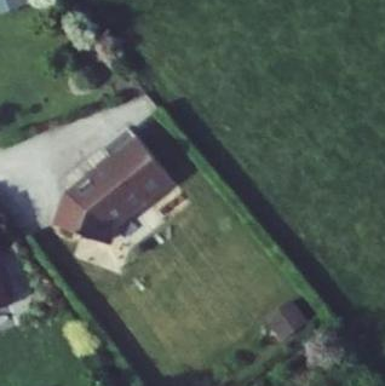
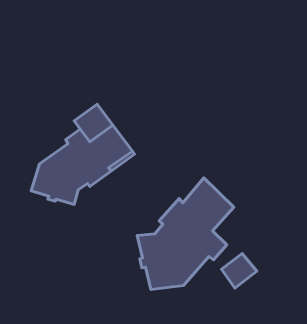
building: none -> [137,178,234,290]

